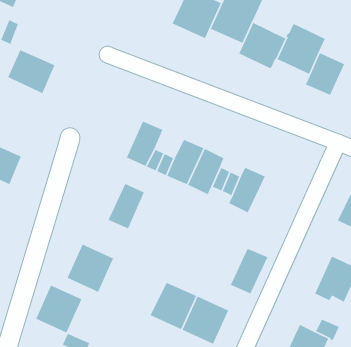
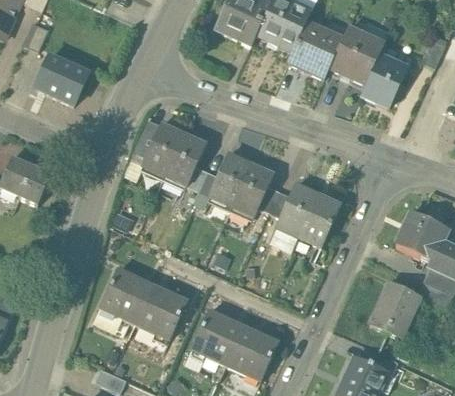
building: [107,183,145,229] -> [141,124,182,175]
building: [230,248,268,294] -> [298,195,340,246]
building: [35,284,83,334] -> [134,285,186,339]

